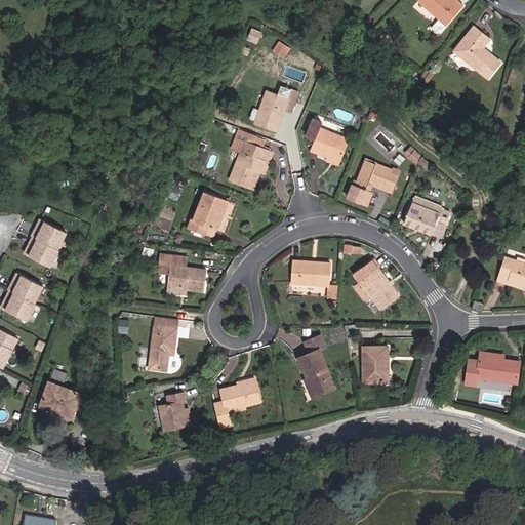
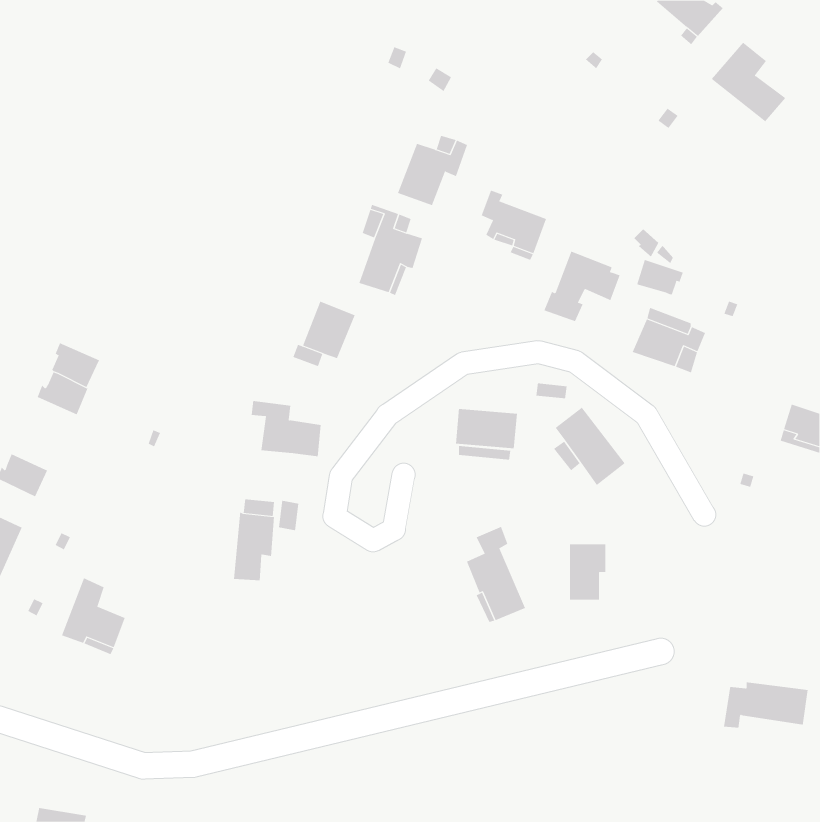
building: none -> [637,259,684,295]
building: [6,271,38,299] -> none
building: [465,357,519,387] -> [723,682,808,728]
building: [213,380,258,428] -> none
building: [158,392,191,431] -> none

